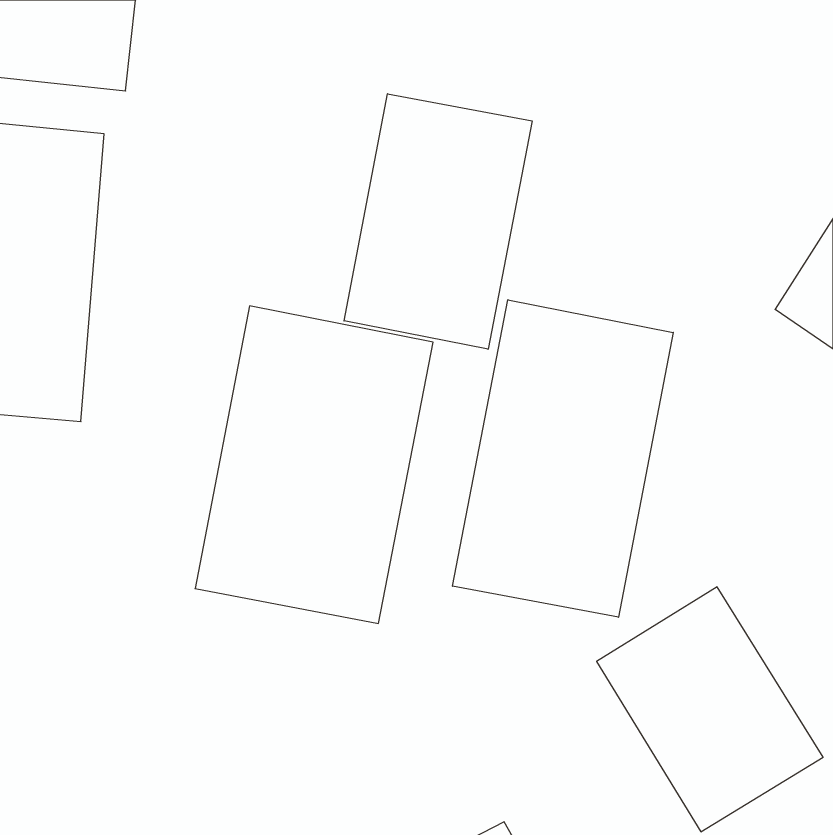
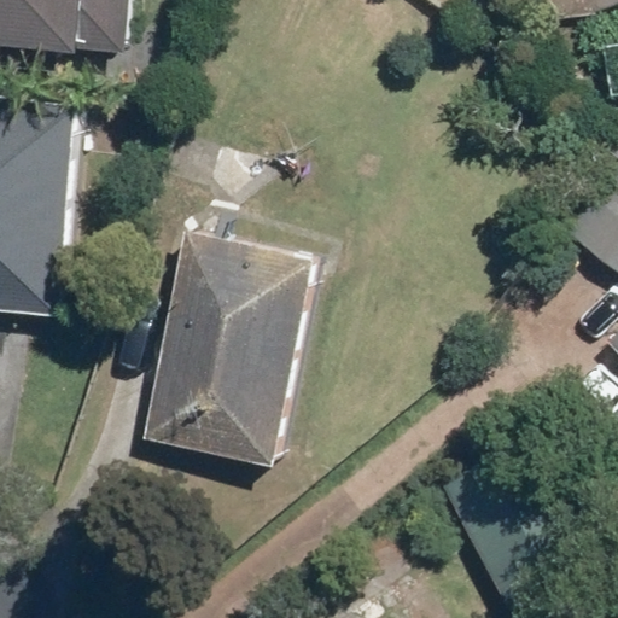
building: [344,94,532,349] -> none
building: [453,300,673,617] -> none

